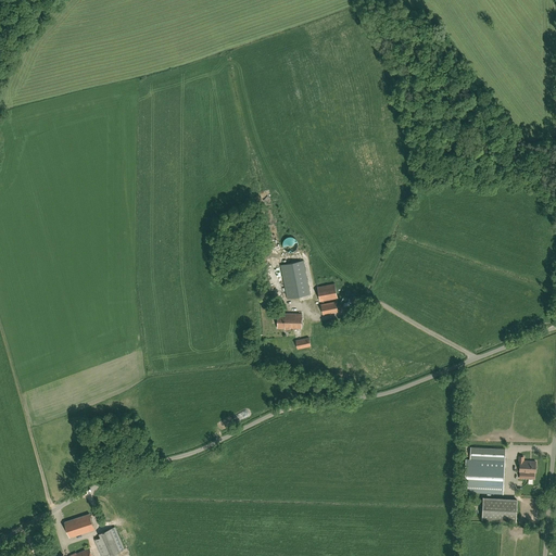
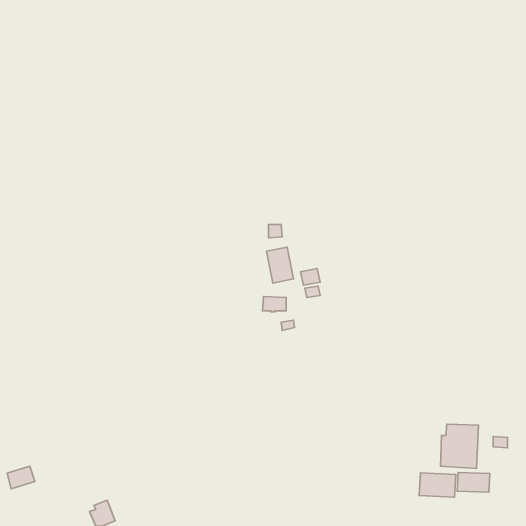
building: none -> [419,473,456,497]
building: [65,514,94,538] -> [7,466,35,489]

